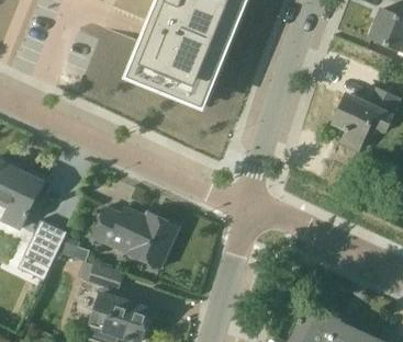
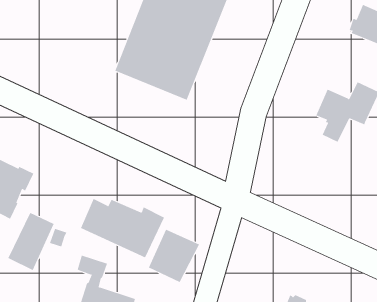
building: none -> [148,229,200,283]

